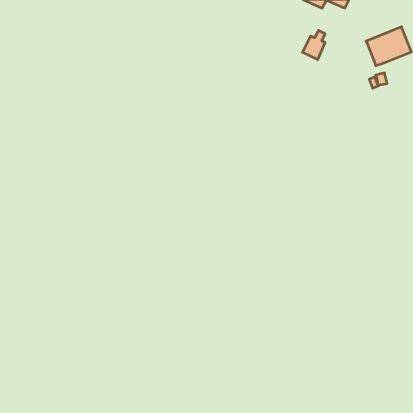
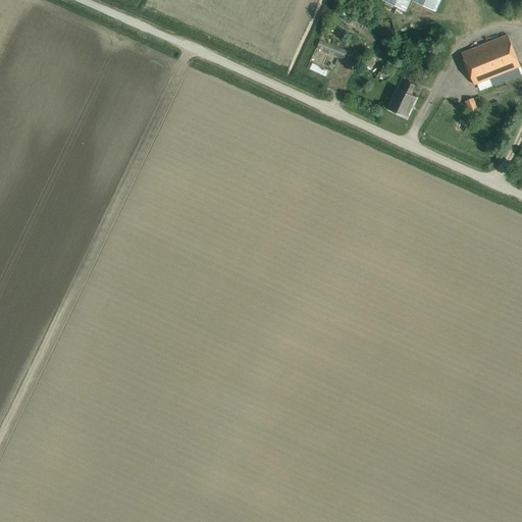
building: [302,30,325,60] -> [386,80,415,116]

